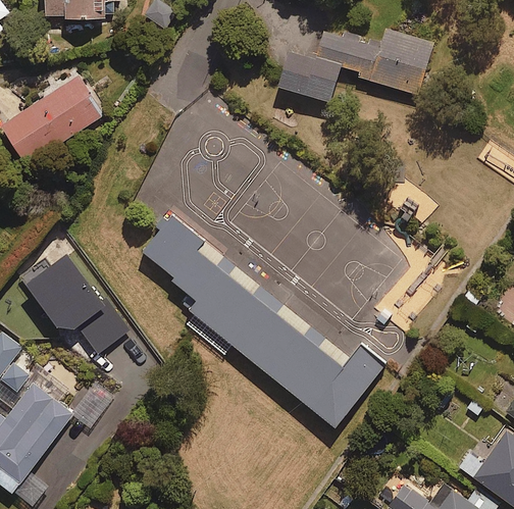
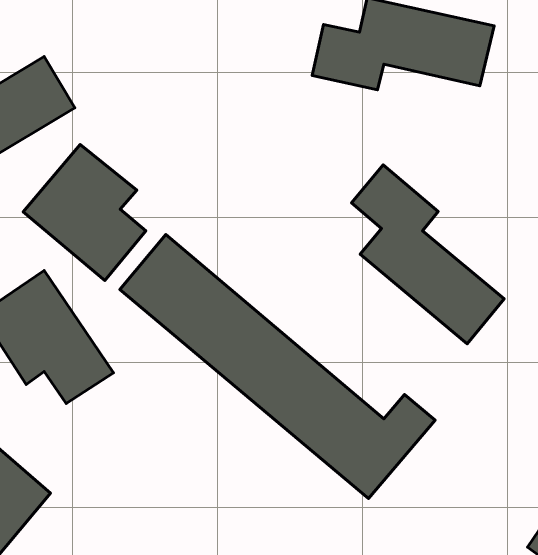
building: none -> [23,144,146,281]
building: none -> [352,165,504,344]

